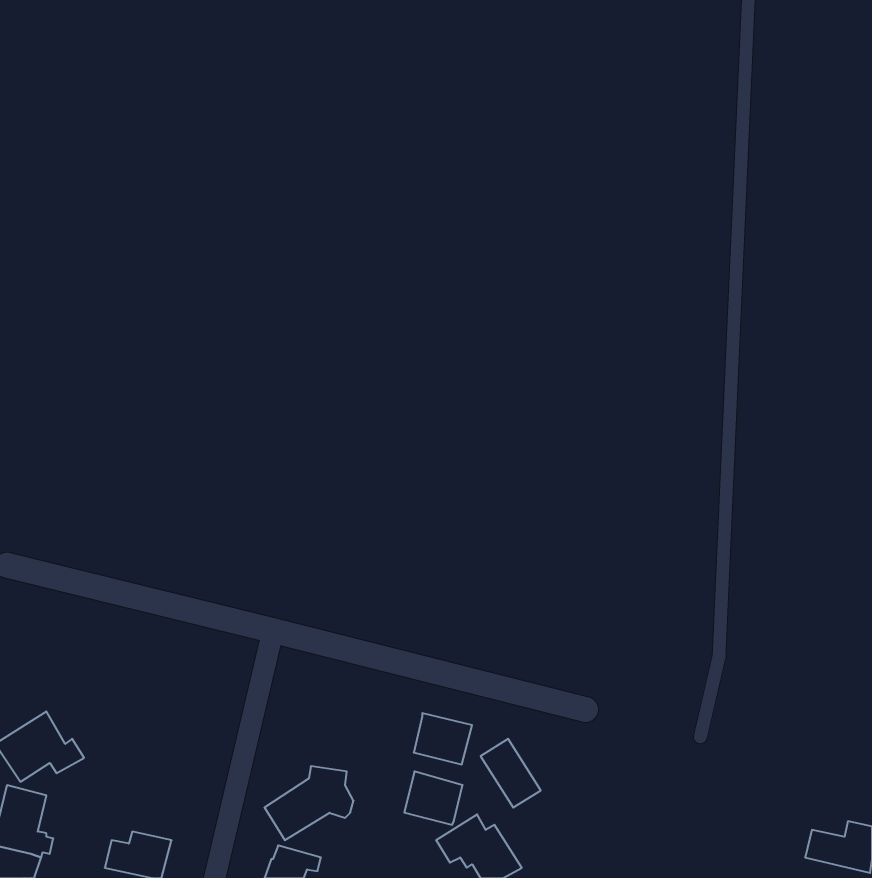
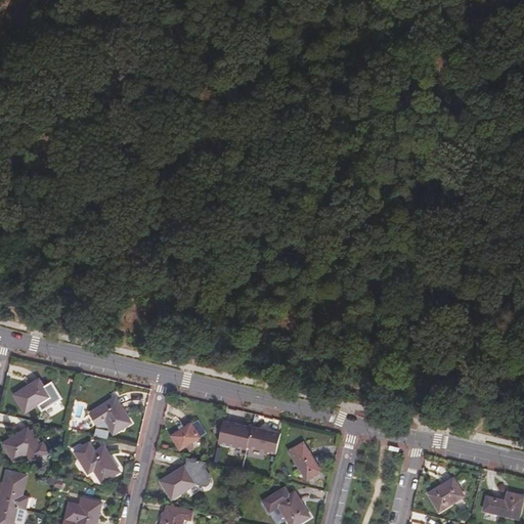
building: none -> [11,378,62,414]
building: none -> [86,395,133,435]
building: none -> [168,419,206,451]
building: none -> [72,440,122,485]
building: [404,771,463,825] -> [217,419,252,450]
building: none -> [425,475,466,513]

